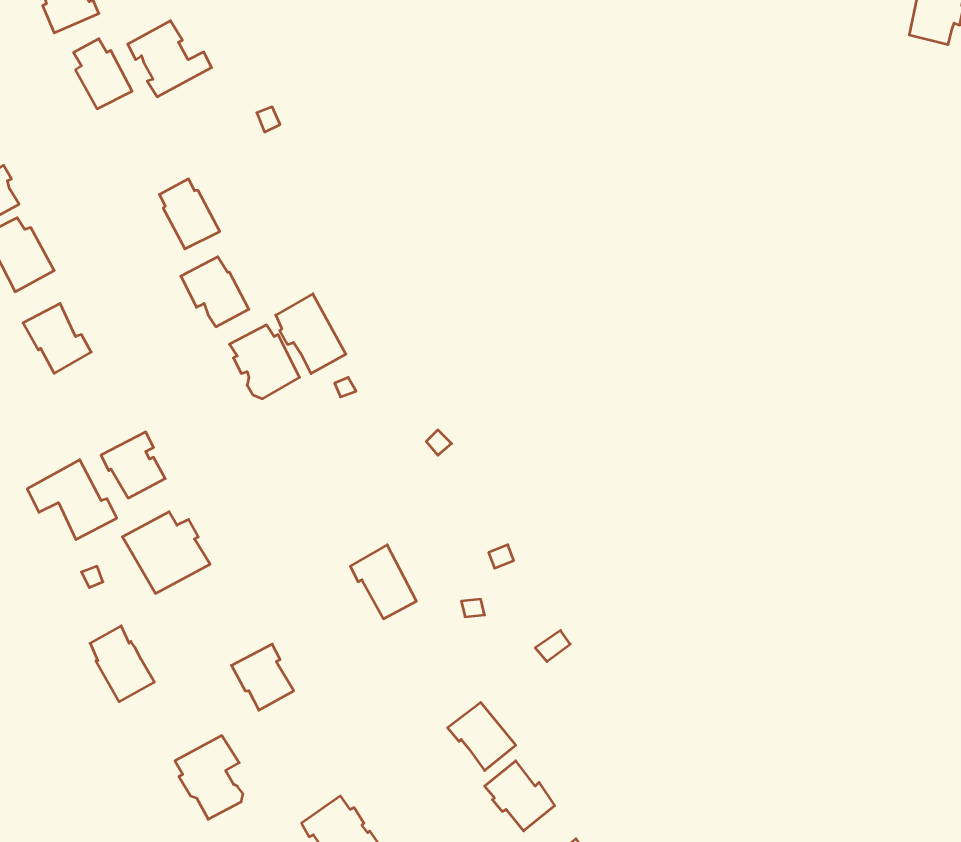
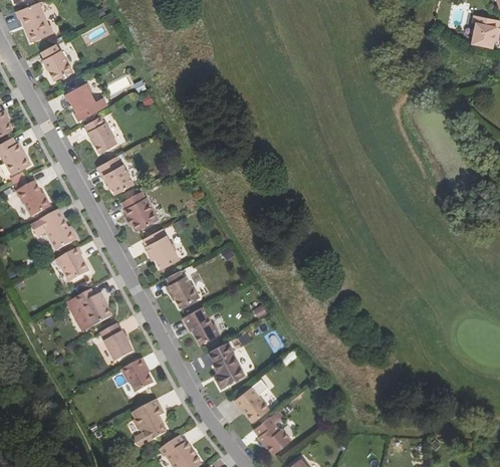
building: [128,21,212,97] -> [63,82,106,122]
building: [276,294,346,374] -> [144,228,180,269]
building: [27,460,117,540] -> [31,209,77,250]
building: none -> [167,270,198,307]
building: none -> [208,340,245,388]
building: [90,626,154,702] -> [100,322,134,362]
building: [175,736,243,819] -> [133,398,168,441]

